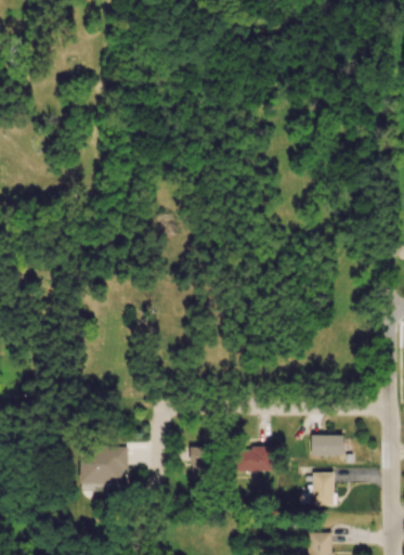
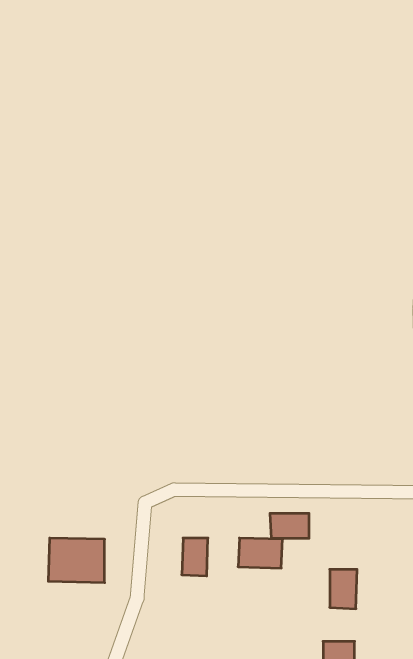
building: [310,435,342,455] -> [270,513,309,538]

